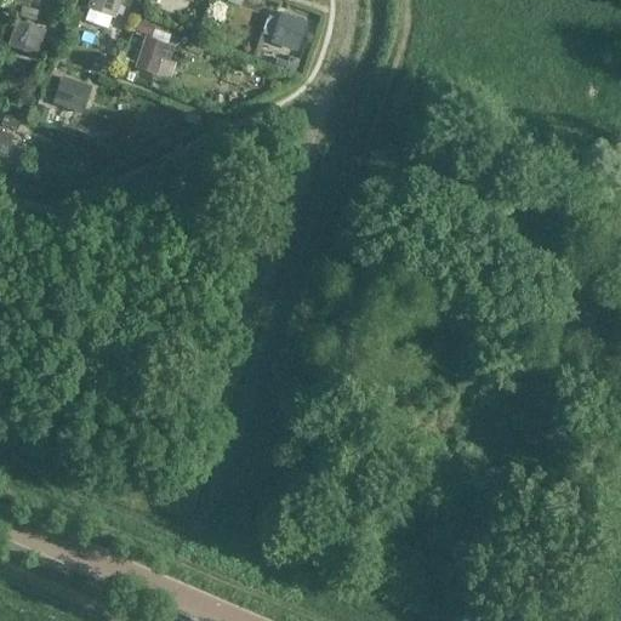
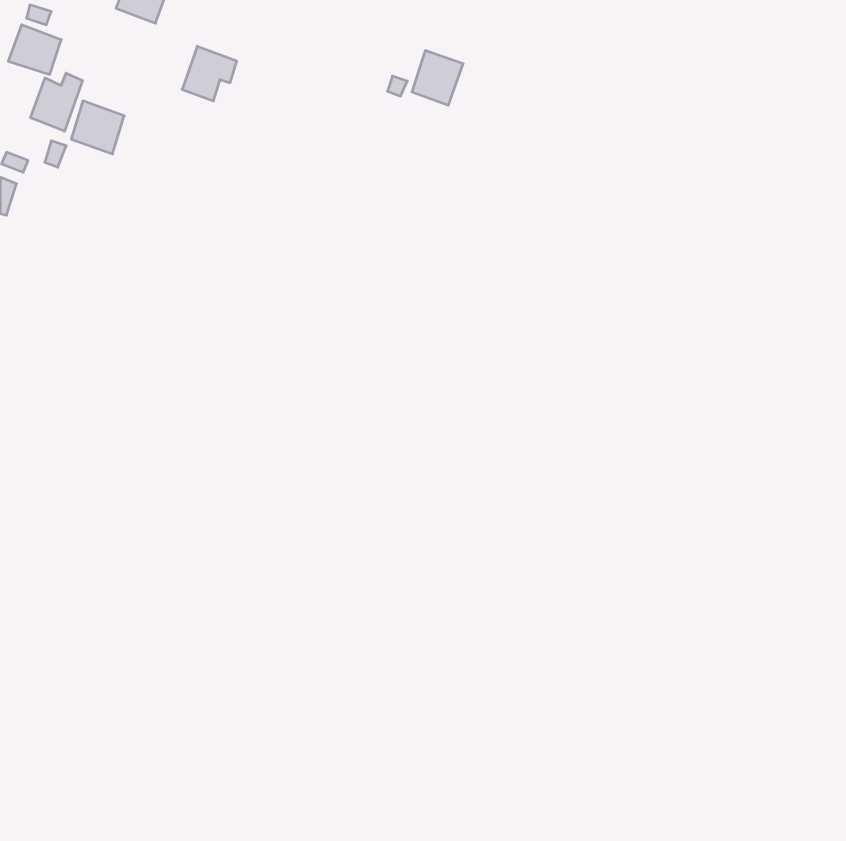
building: [269,11,307,51] -> [412,51,463,105]
building: none -> [31,73,82,131]

